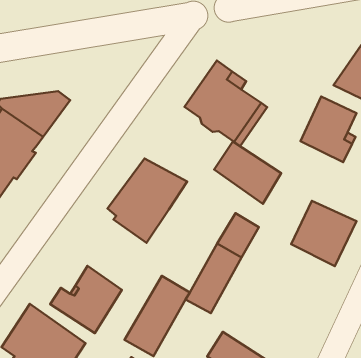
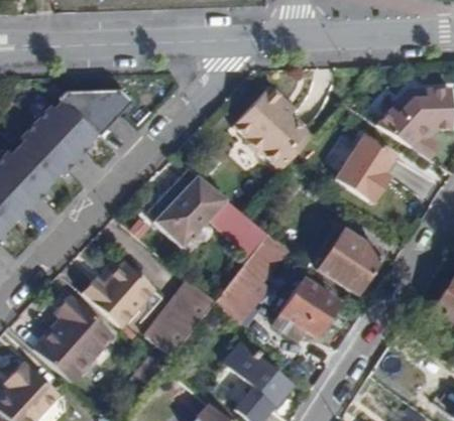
building: [214,141,281,204] -> [206,195,268,258]
building: none -> [274,280,338,336]

